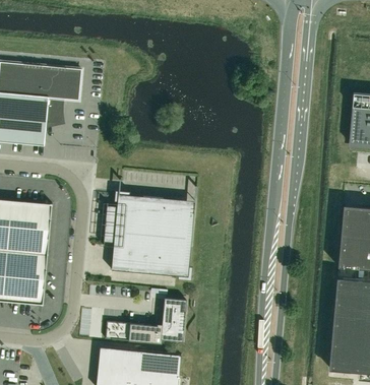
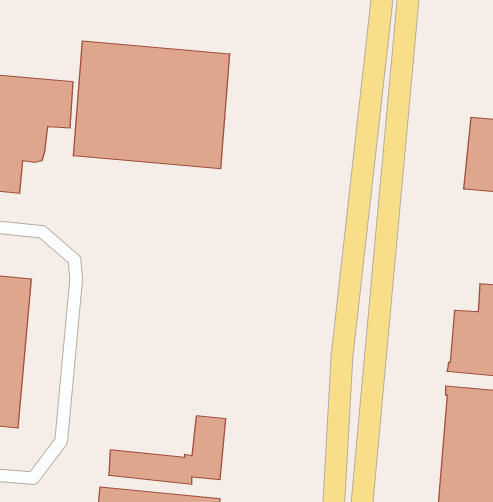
building: none -> [73,41,230,169]
building: [104,191,192,280] -> none

